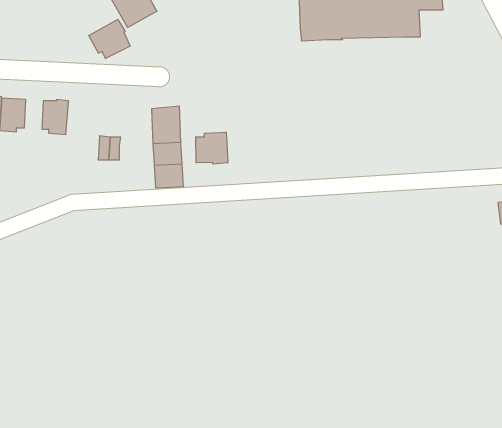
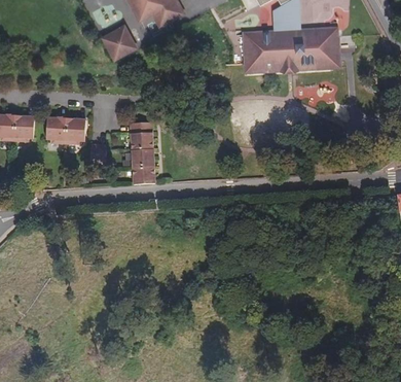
building: [89,19,130,59] -> none
building: none -> [65,118,85,144]
building: [196,132,228,164] -> none

